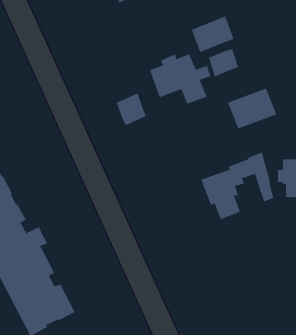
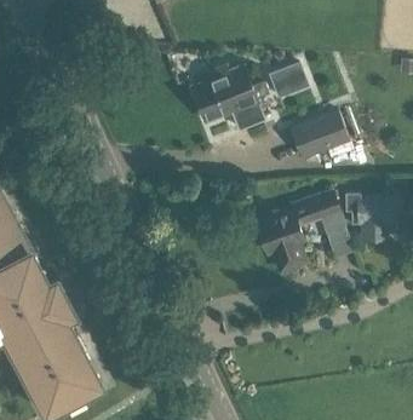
building: [191,16,234,53] -> none
building: [116,92,147,126] -> none

